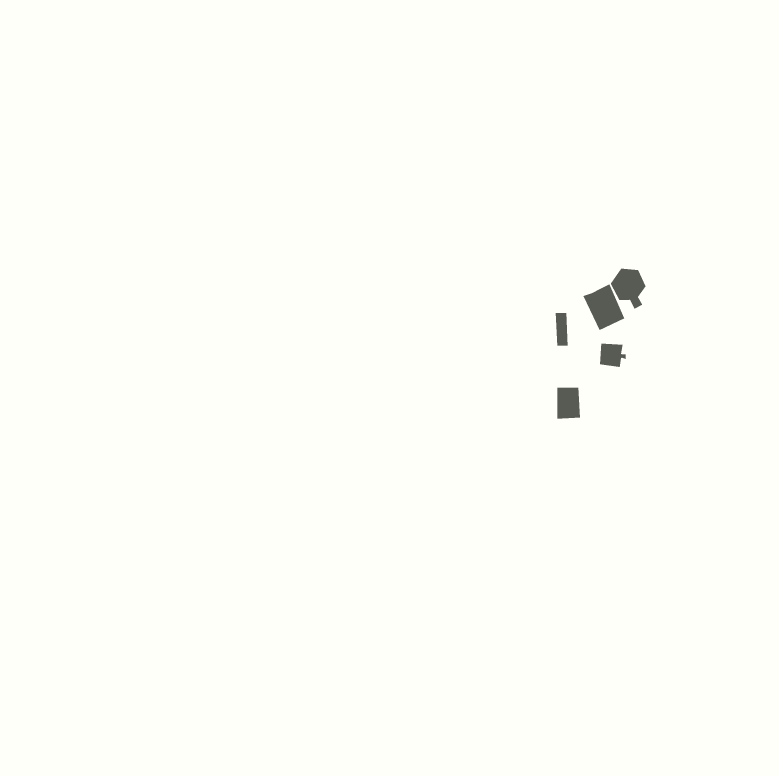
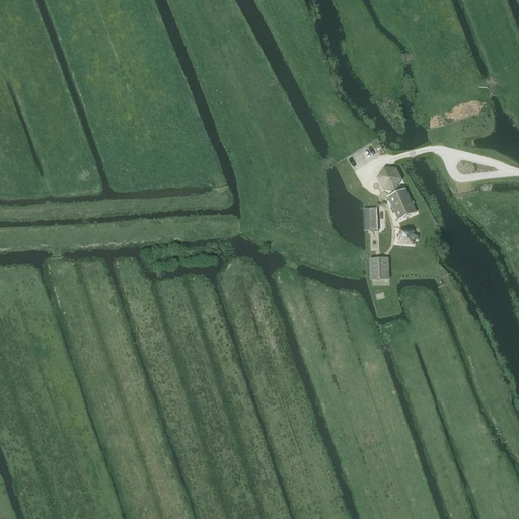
building: [610,268,646,309] -> [377,167,401,195]

